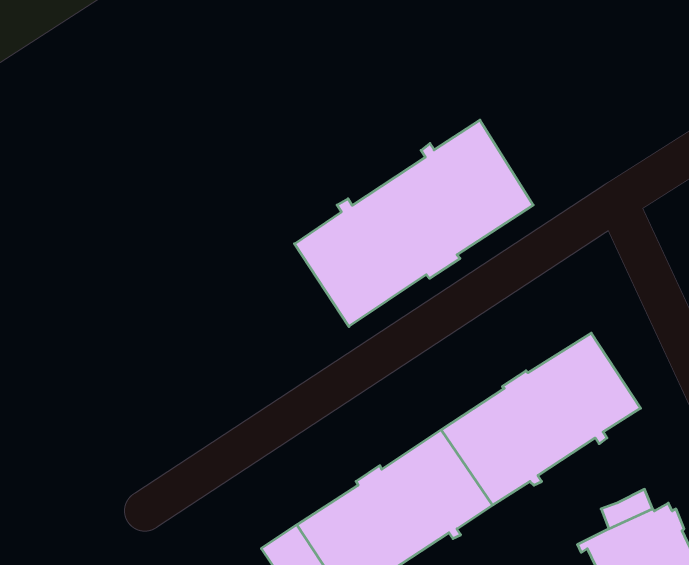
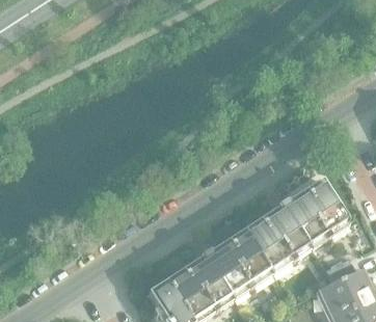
building: [294,120,533,327] -> none

